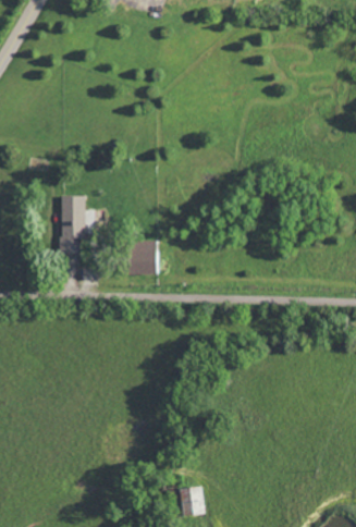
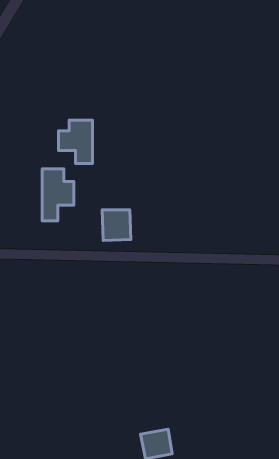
building: none -> [59,120,93,164]

